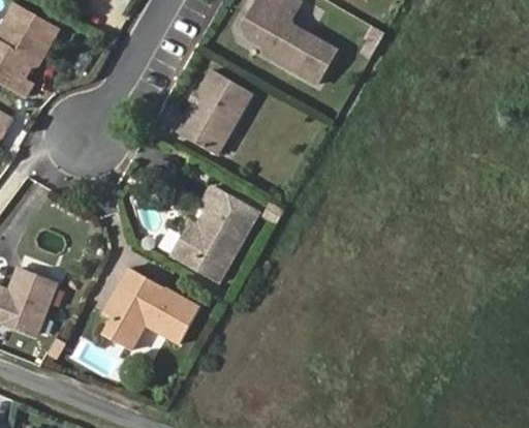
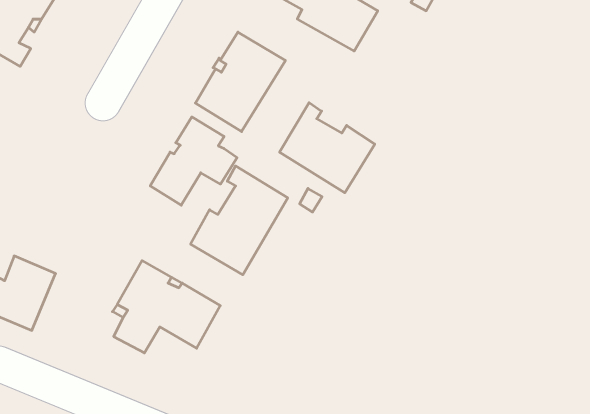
building: none -> [280,103,375,193]
building: none -> [150,117,237,205]

